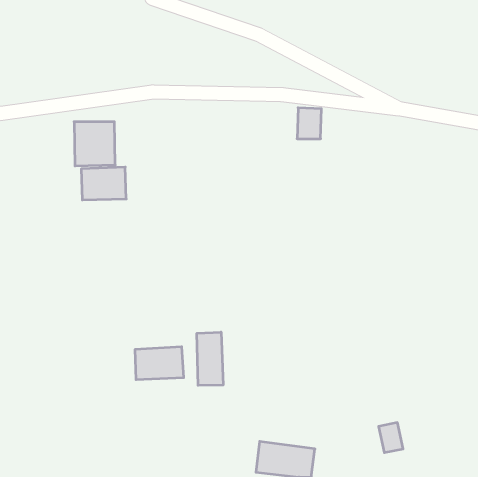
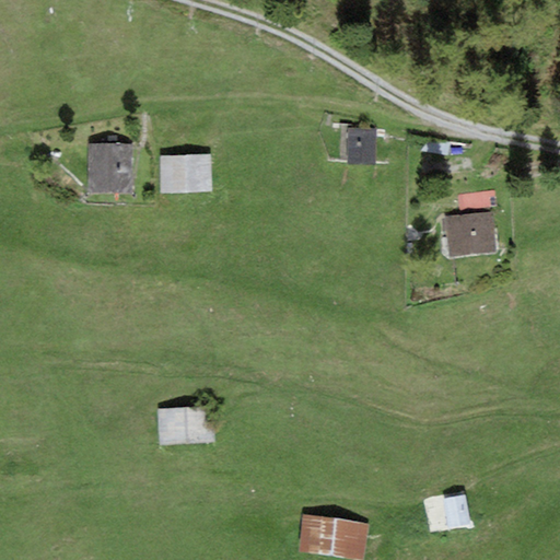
building: [81,167,126,200] -> [160,152,212,190]
building: none -> [444,210,494,255]
building: [197,332,223,385] -> none

